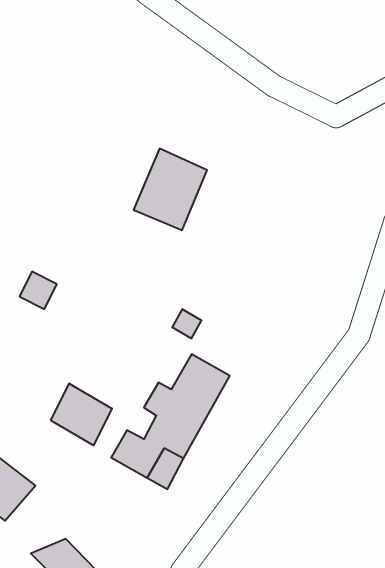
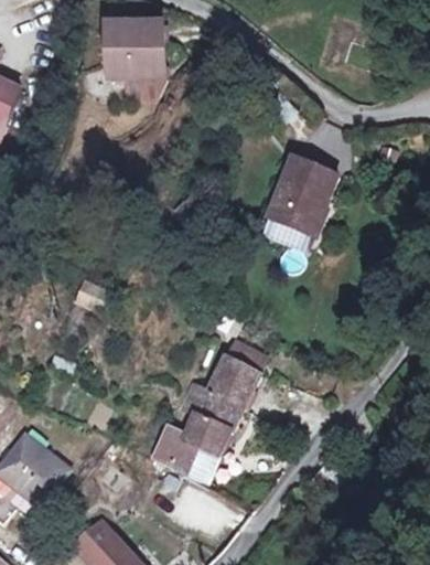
building: none -> [114,21,166,81]
building: [134,149,207,230] -> [269,146,341,225]
building: [51,383,112,445] -> none

